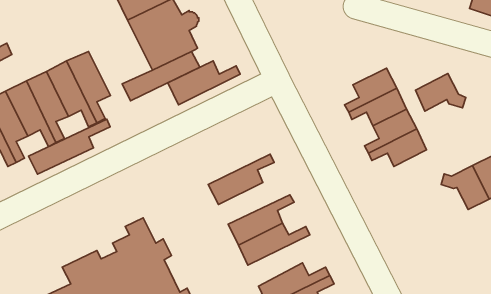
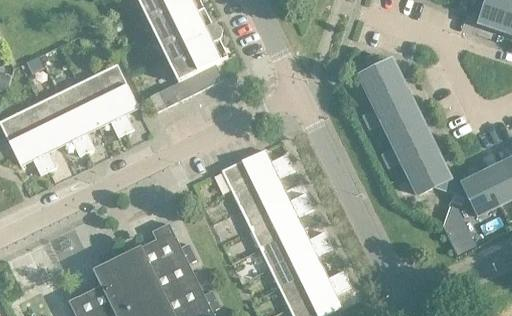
building: none -> [359,53,401,95]
building: [168,61,240,105] -> [221,148,290,190]
building: [415,73,466,111] -> [408,157,456,193]
building: [28,119,110,174] -> none
building: none -> [241,188,309,228]
building: none -> [442,201,478,252]
building: none -> [269,238,332,287]

